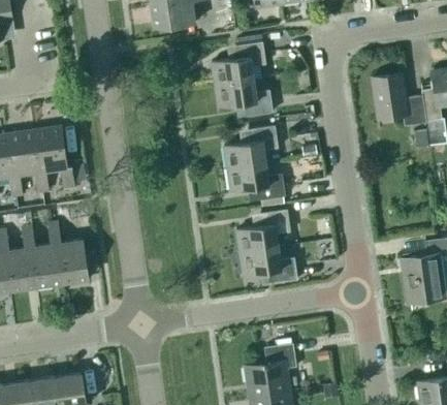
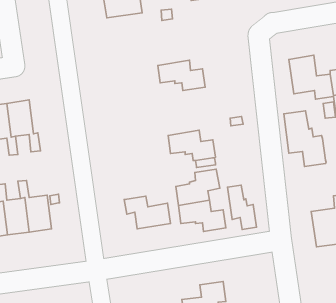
building: [212,41,264,85] -> none
building: [224,125,277,168] -> none
building: none -> [284,111,326,167]
building: none -> [227,185,257,230]
building: none -> [124,196,170,229]

